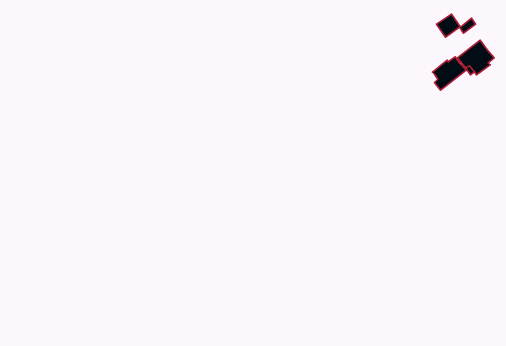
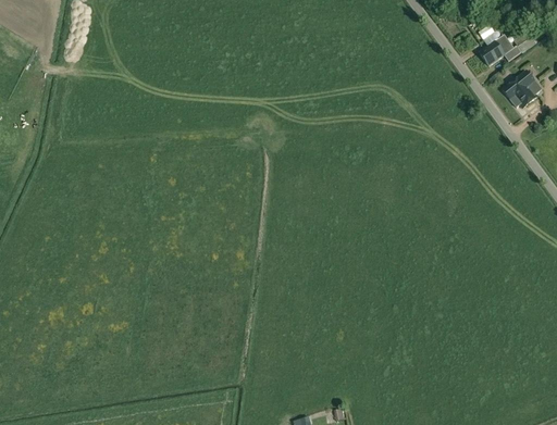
building: [433,57,466,90] -> none

